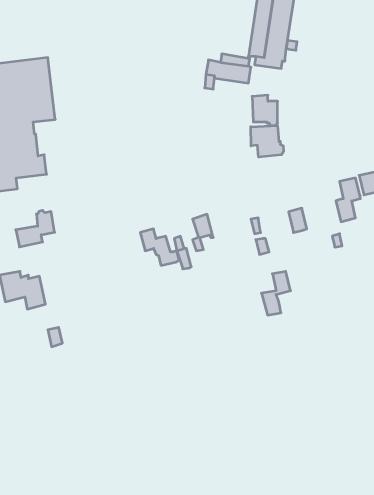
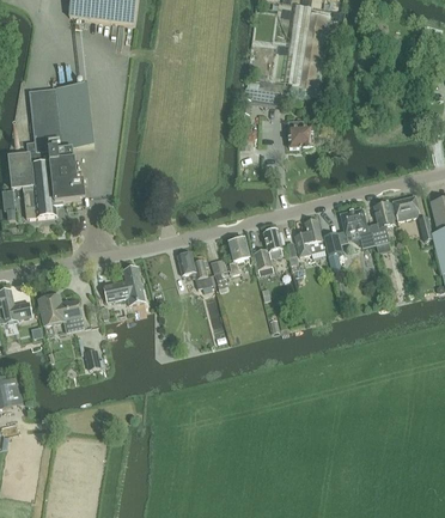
building: [251,125,284,157] -> none
building: none -> [340,208,374,249]
building: none -> [294,219,324,255]
building: [16,210,55,247] -> [103,264,141,300]
building: [261,271,291,315] -> [252,230,281,273]

